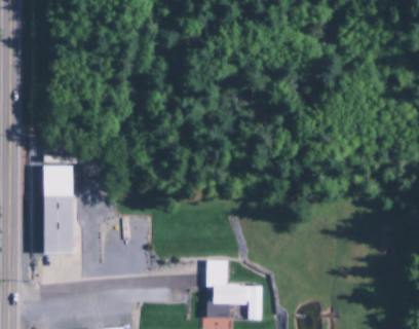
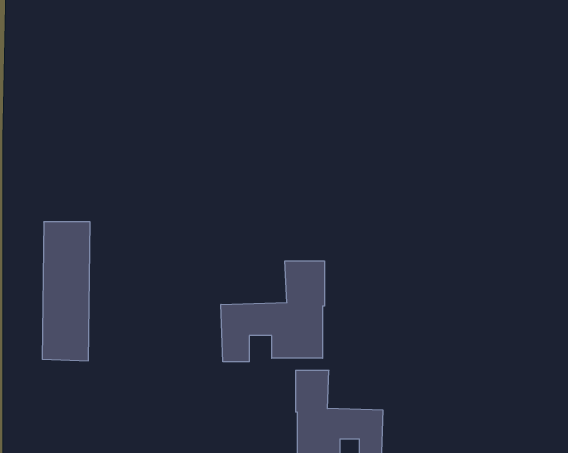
building: none -> [221,261,324,362]

